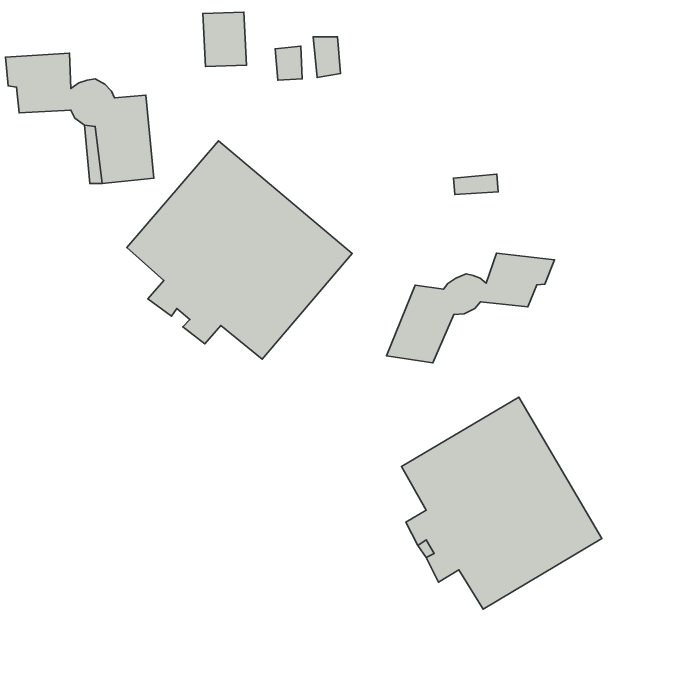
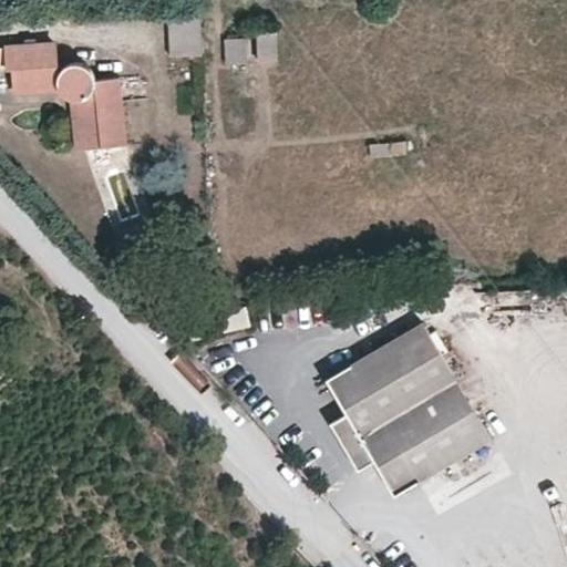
building: [127,141,352,359] -> none
building: [386,253,555,363] -> none

